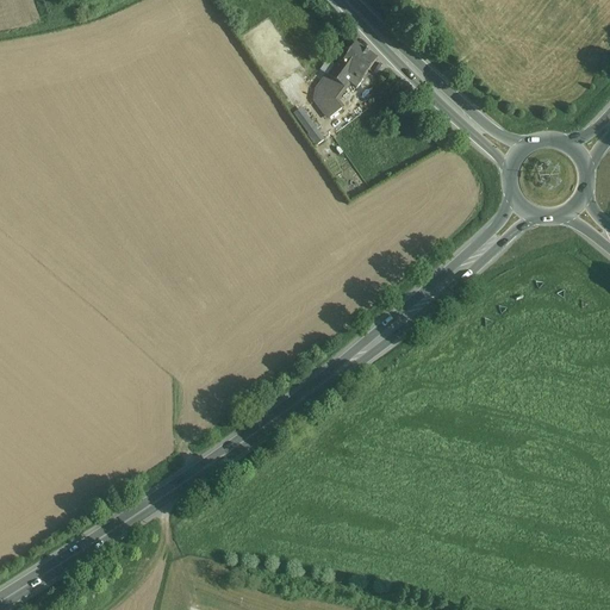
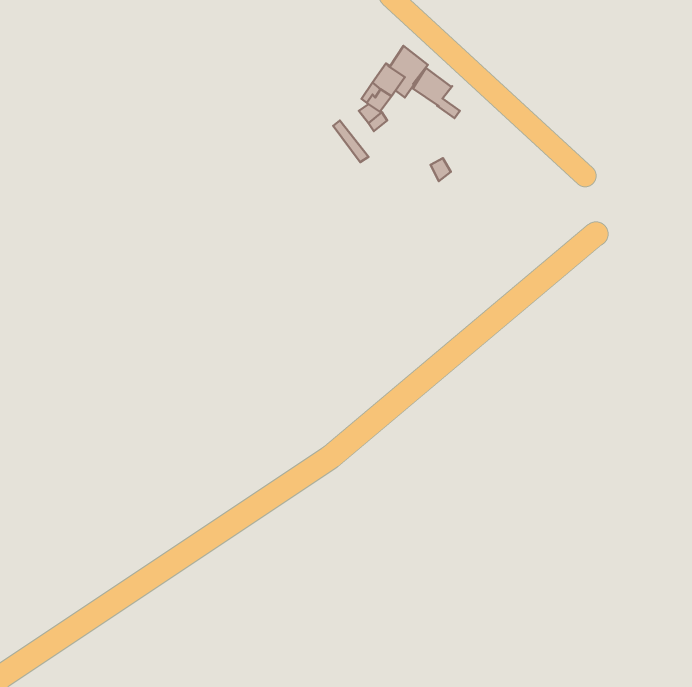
building: none -> [413,68,460,118]

